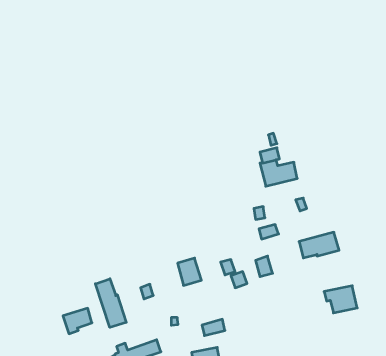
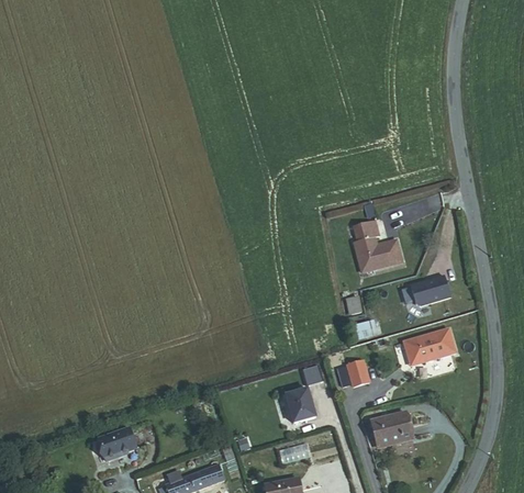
building: none -> [412,274,453,304]
building: [178,258,201,285] -> [286,388,316,423]
building: [95,279,126,327] -> none
building: [324,286,357,313] -> [369,411,412,446]

